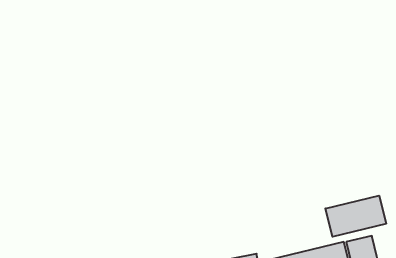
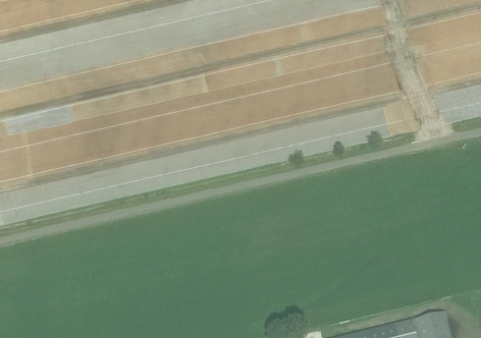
building: [325,196,386,237] -> none

